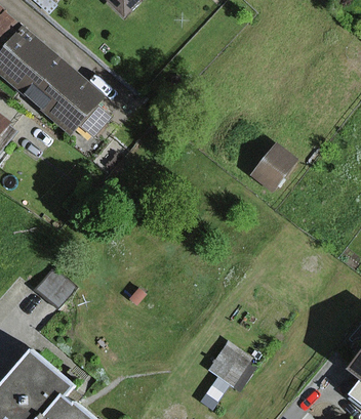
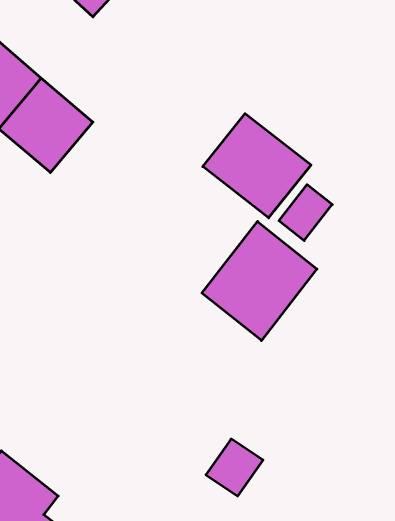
building: none -> [203,114,311,218]
building: none -> [202,221,317,341]

